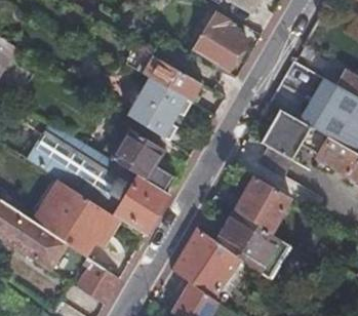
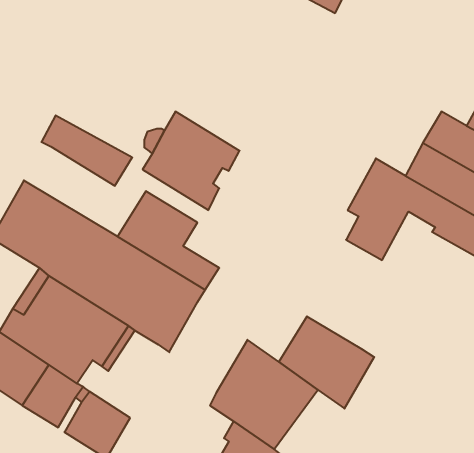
building: [194,13,246,72] -> none
building: [144,56,203,103] -> [41,115,132,186]
building: [236,176,292,233] -> none

